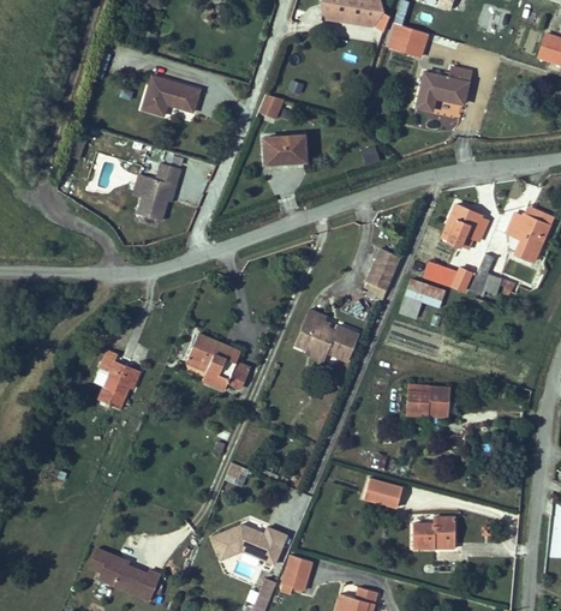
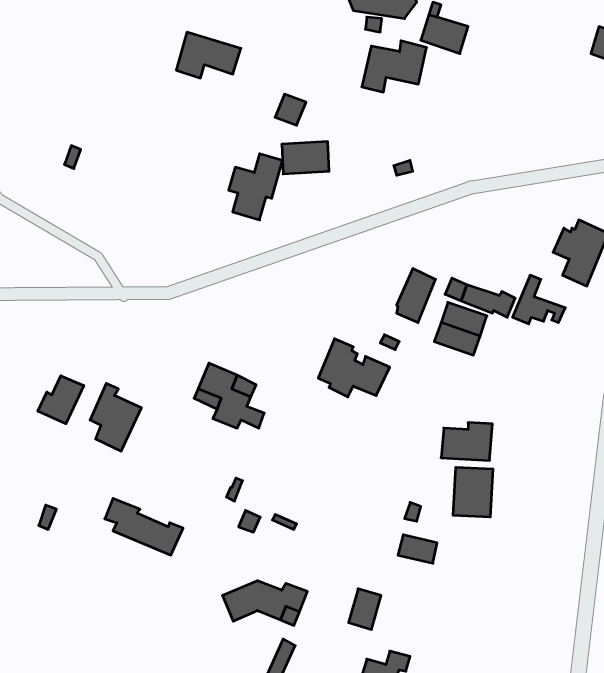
building: [414,66,472,112] -> [362,41,427,92]
building: [142,74,199,115] -> [176,32,241,78]
building: [133,162,181,221] -> [229,154,283,220]
building: [440,202,490,250] -> none
building: none -> [38,376,84,424]
building: none -> [453,467,493,517]
building: [413,515,455,547] -> none
building: [91,547,161,598] -> [105,498,183,555]
building: [282,555,311,591] -> [349,589,381,629]

